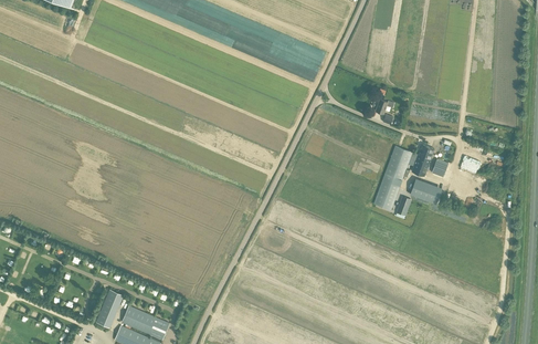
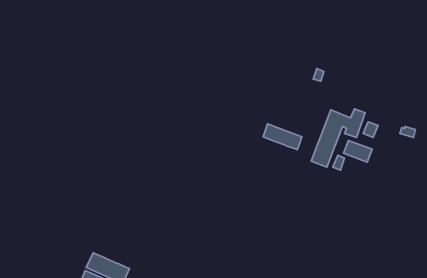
building: none -> [263,124,302,150]
building: [95,291,122,327] -> none

